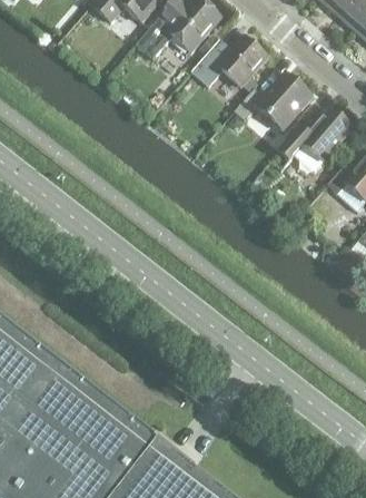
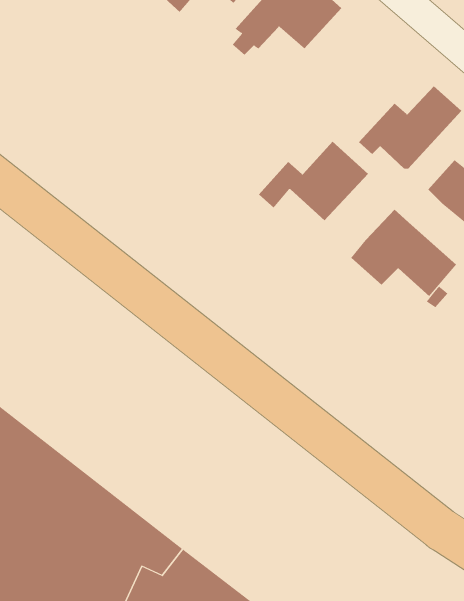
building: [234,74,311,130] -> [258,141,369,221]
building: none -> [351,209,457,297]

